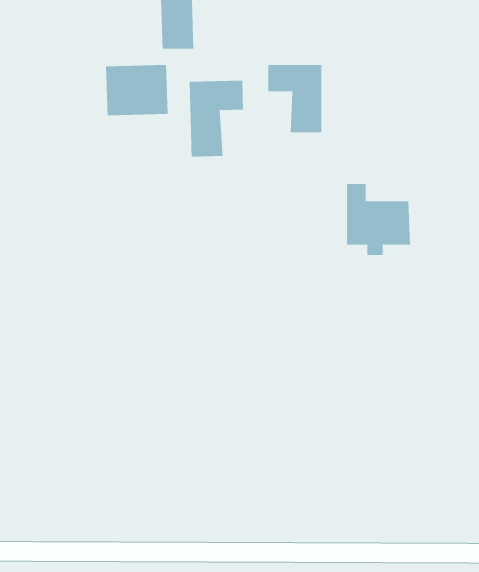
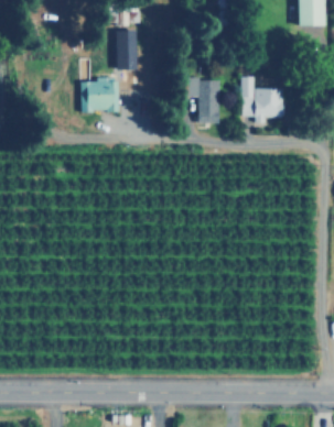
building: [189,80,244,157] -> none
building: [346,184,411,255] -> [244,76,285,122]

